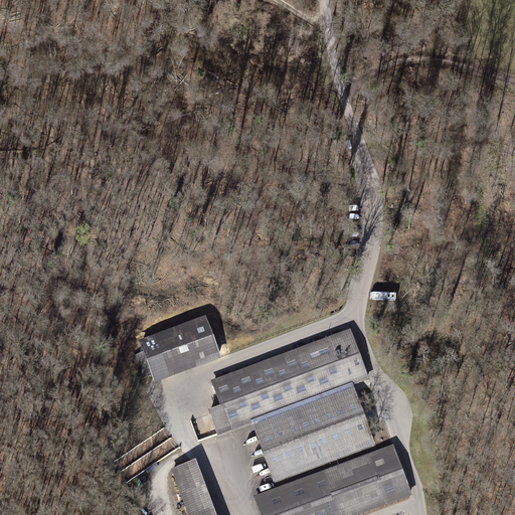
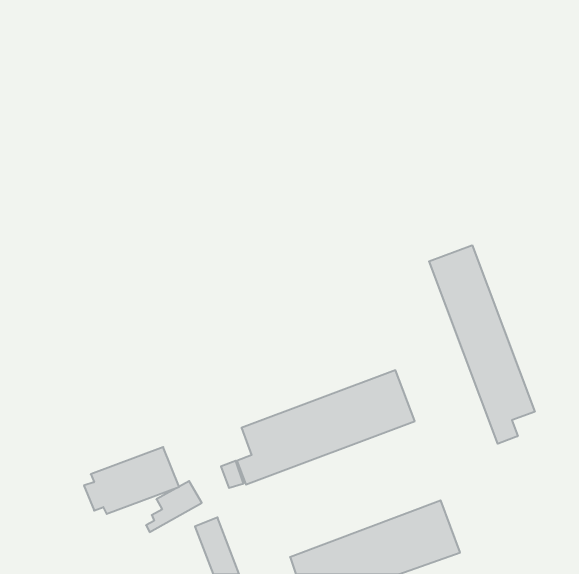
building: none -> [429,245,535,444]
building: [135,318,219,377] -> [84,447,179,514]
building: [255,389,373,477] -> none

